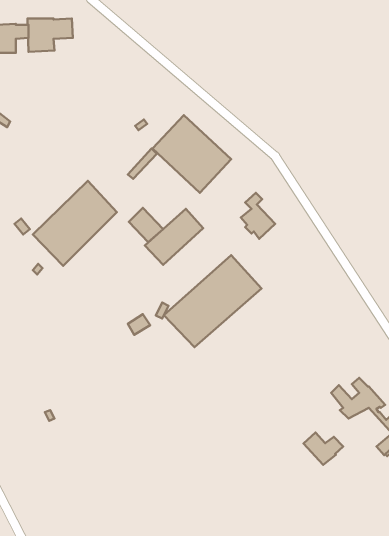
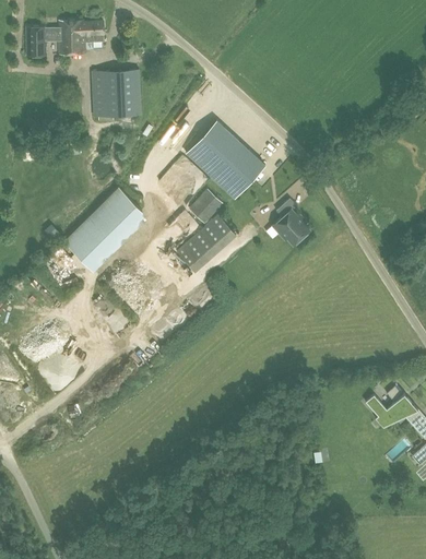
building: none -> [92,69,141,117]
building: none -> [189,188,223,223]
building: [164,255,261,347] -> none
building: [304,432,343,465] -> none

